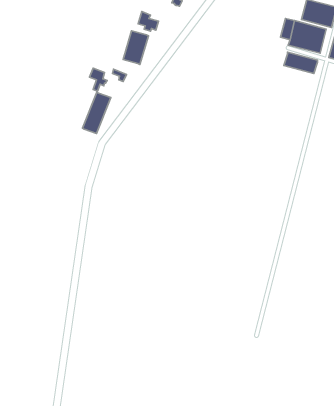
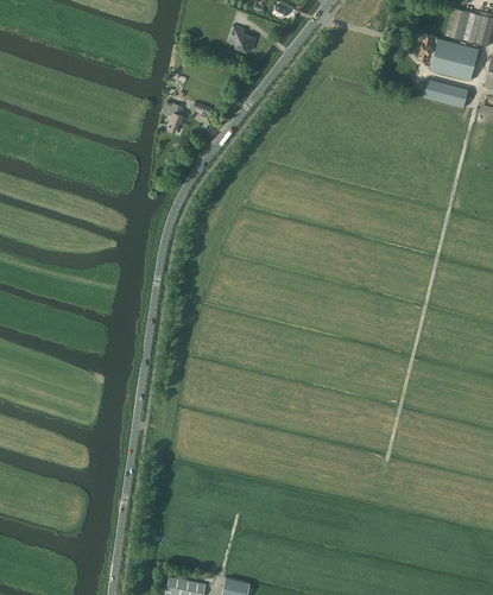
building: [123,31,148,64] -> none
building: [82,92,111,134] -> none

